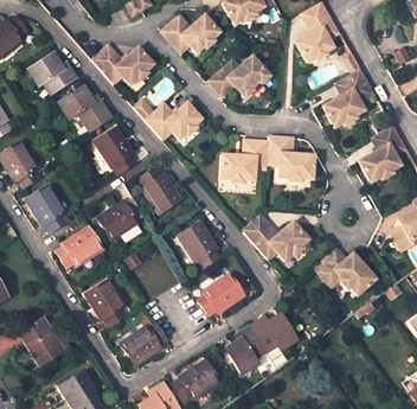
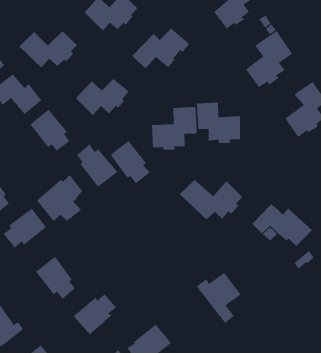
building: [179,222,219,268] -> [110,140,150,184]
building: [198,274,244,315] -> none
building: [225,326,265,373] -> none

